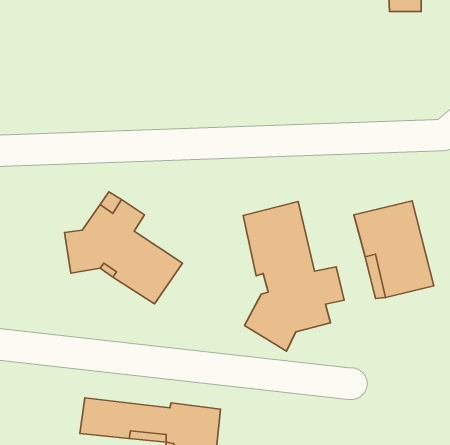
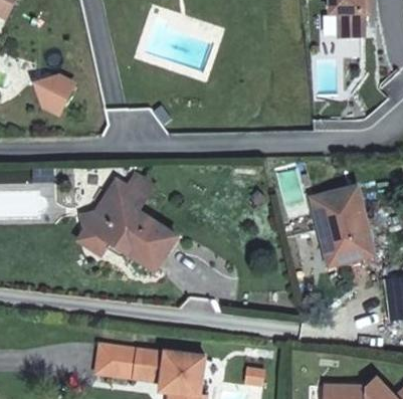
building: none -> [38,76,71,113]
building: [243,201,344,351] -> none

